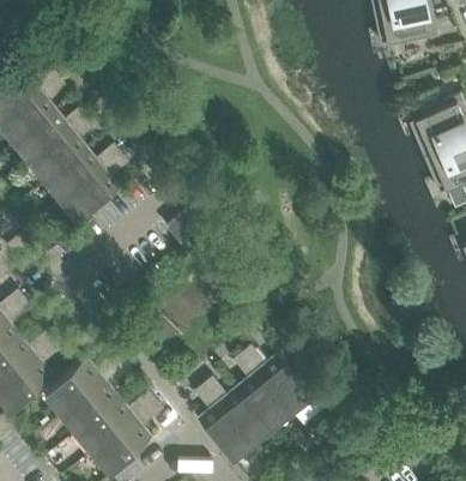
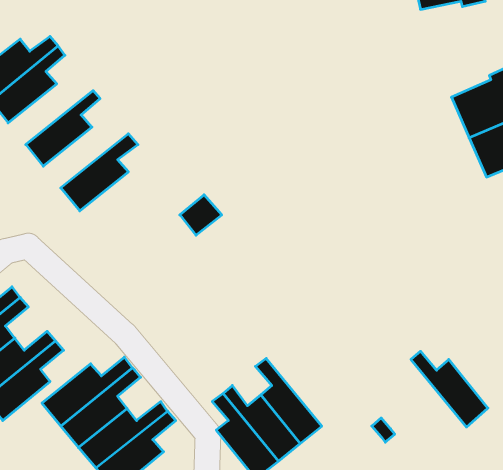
building: [13,109,89,167] -> none
building: [37,149,120,209] -> none
building: [242,349,310,416] -> [411,351,488,427]

